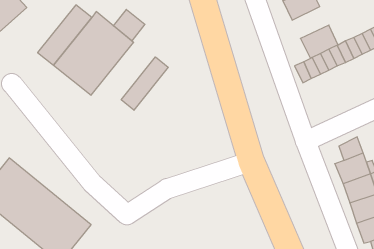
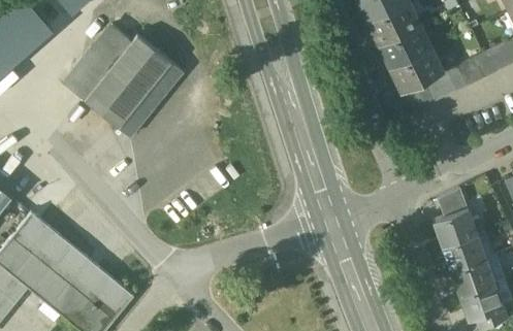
building: none -> [380,27,425,66]
building: [113,9,145,41] -> none
building: [121,57,168,110] -> none

